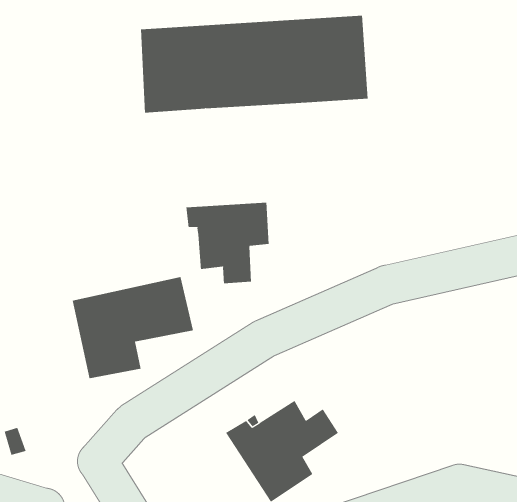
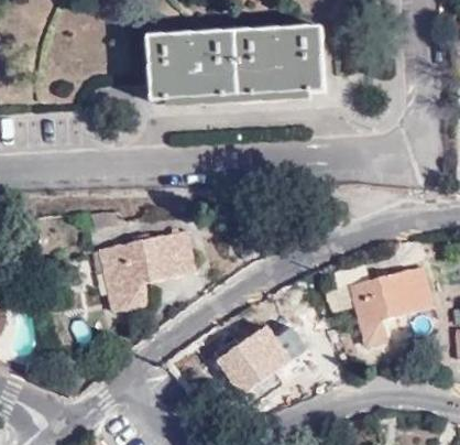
building: [186,202,269,284] -> none
building: none -> [348,264,432,347]

